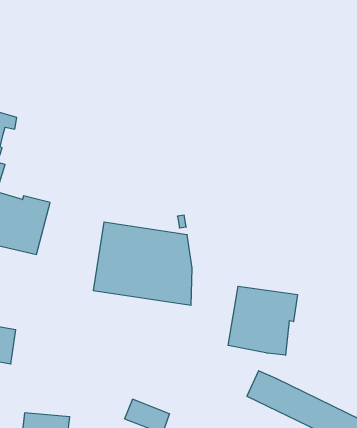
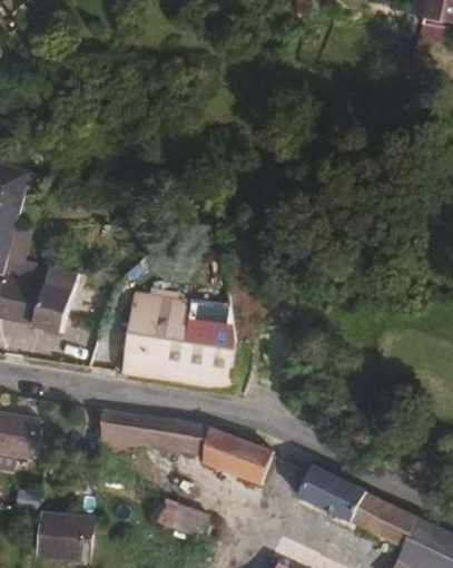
building: [228,286,297,355] -> none
building: none -> [100,409,273,483]

